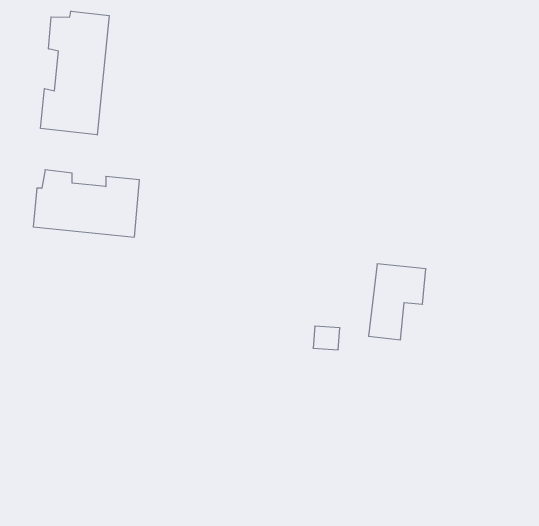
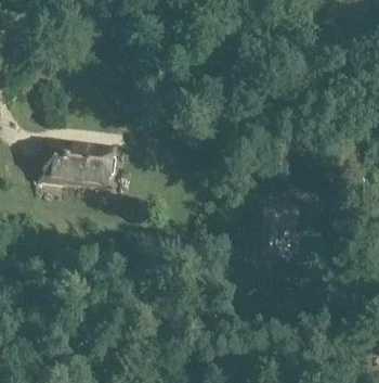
building: [41,11,109,135] -> none

